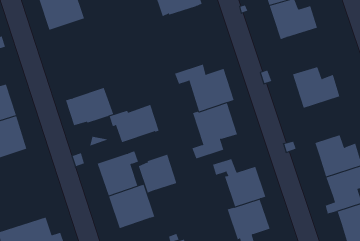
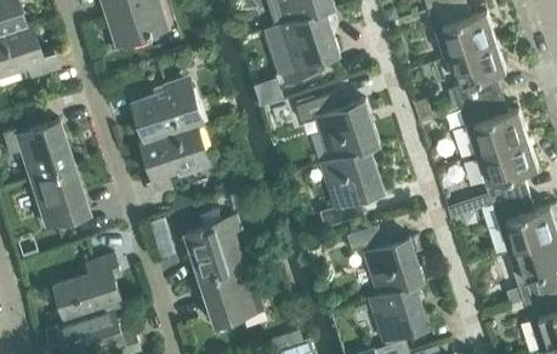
building: none -> [275,12,340,91]
building: none -> [445,42,506,112]
building: none -> [476,139,538,205]
building: [109,104,159,143] -> [131,87,203,142]
building: [138,154,177,194] -> none
building: none -> [55,256,123,324]

